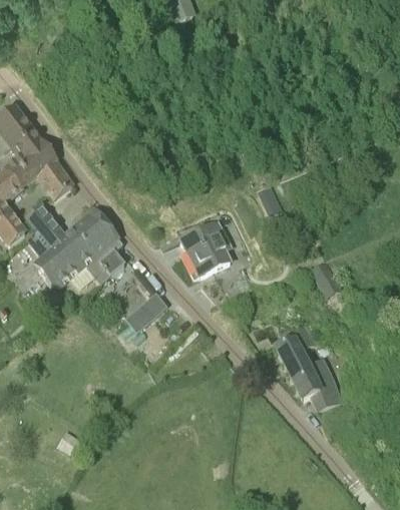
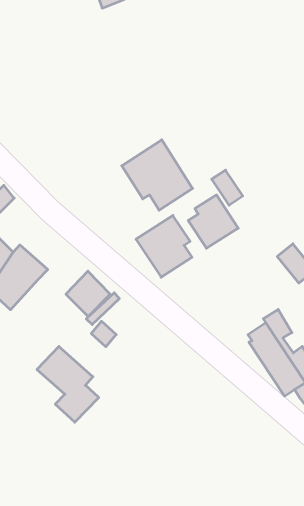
building: none -> [122,140,193,210]
building: none -> [188,195,238,248]
building: [71,210,125,283] -> [37,346,99,422]

